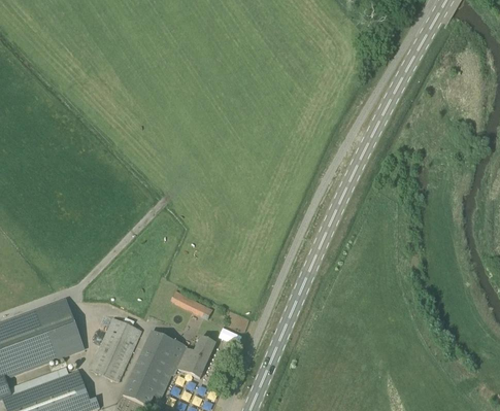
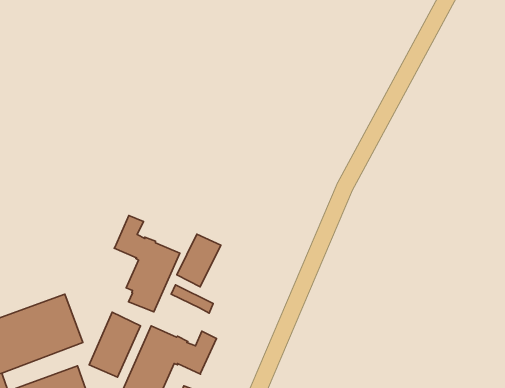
building: none -> [114,216,180,312]
building: none -> [177,234,221,287]

